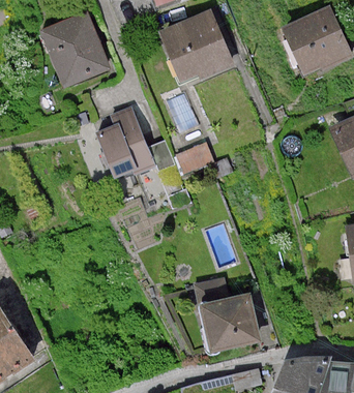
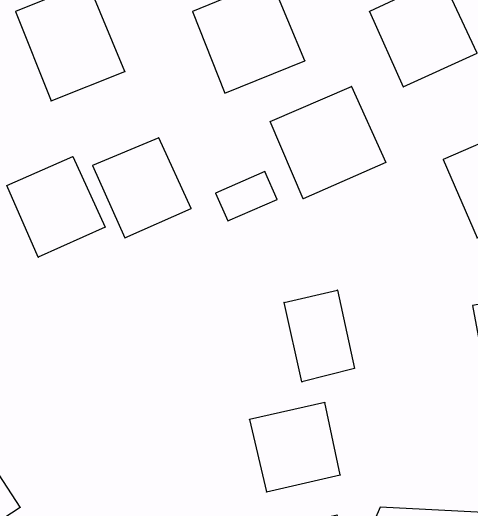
building: none -> [270,86,386,199]
building: none -> [7,157,105,257]
building: none -> [284,290,354,382]

